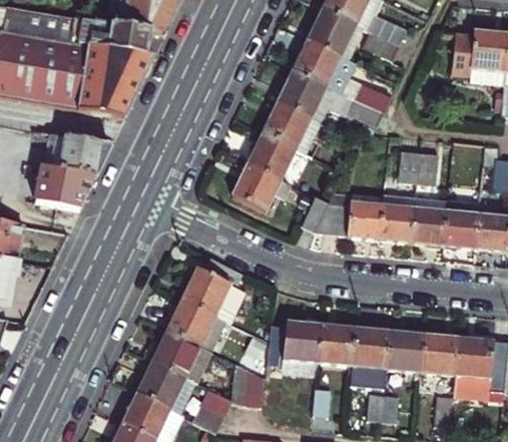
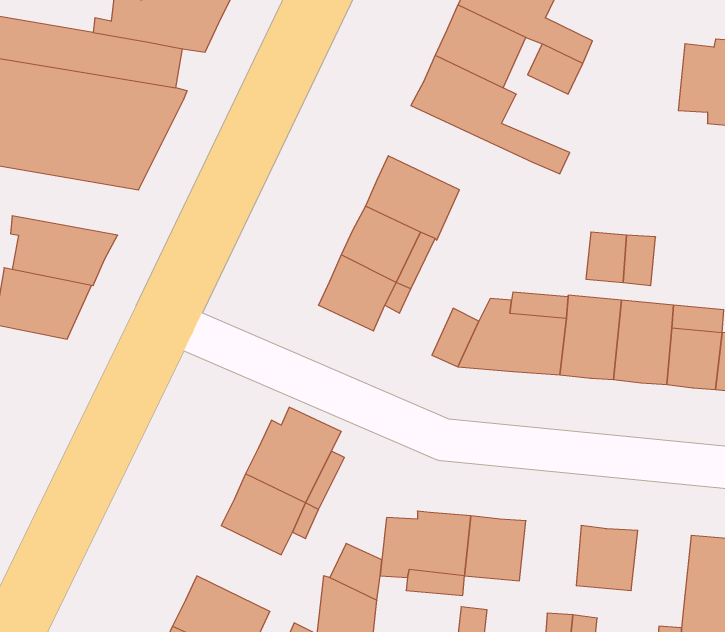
building: [274,71,363,125] -> none
building: [355,328,393,368] -> none
building: [155,331,215,384] -> none
building: [424,334,461,374] -> none

